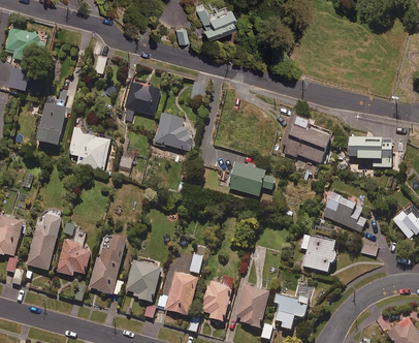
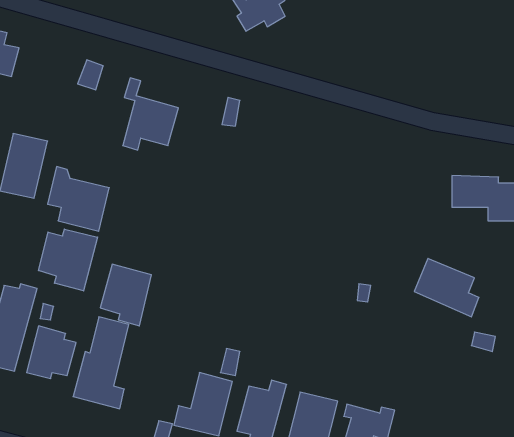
building: [152,111,191,150] -> none
building: [282,114,331,161] -> none
building: [226,160,275,194] -> none
building: none -> [39,229,98,291]
building: [299,231,333,270] -> none
building: [124,258,159,301] -> [100,264,151,326]

